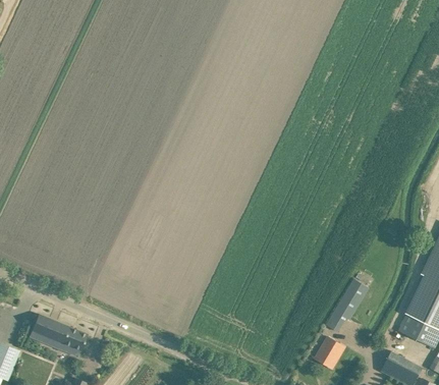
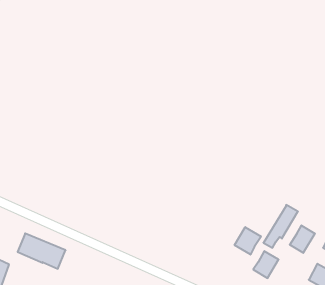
building: none -> [290,225,315,253]
building: none -> [235,227,261,255]

